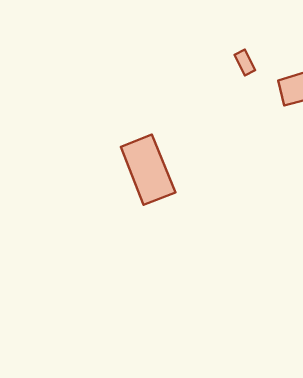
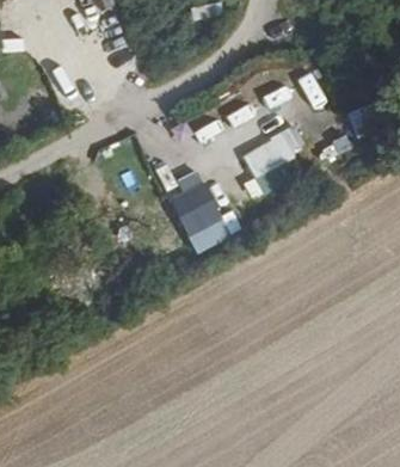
building: none -> [239,127,303,193]

